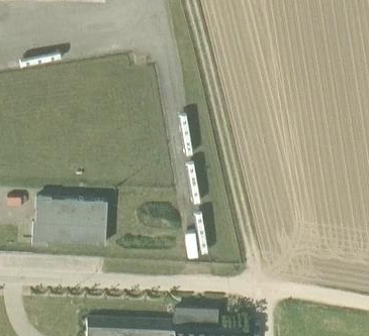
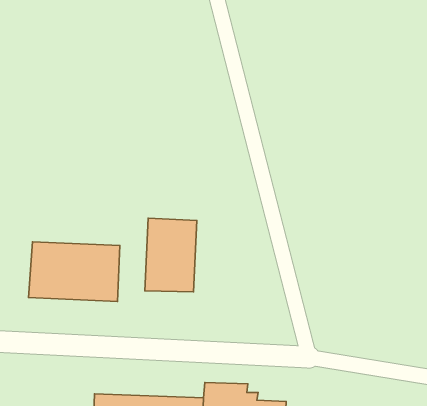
building: none -> [145,218,197,292]

